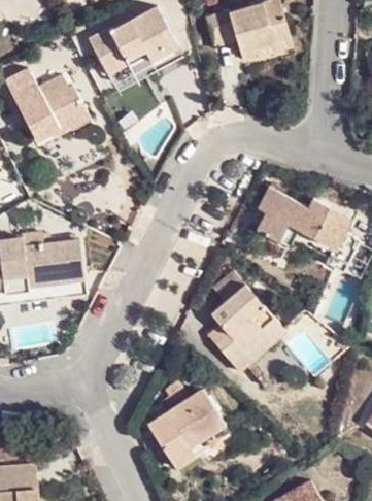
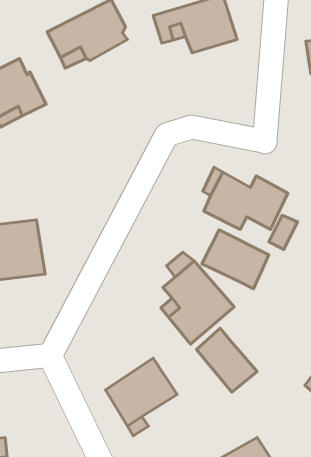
building: none -> [202,230,269,289]
building: none -> [196,328,257,392]

